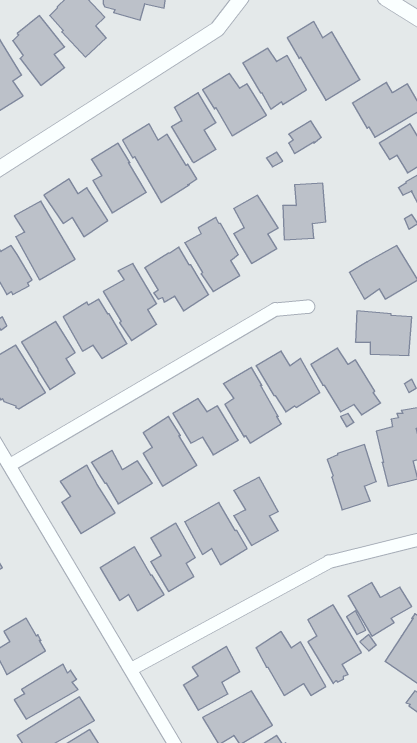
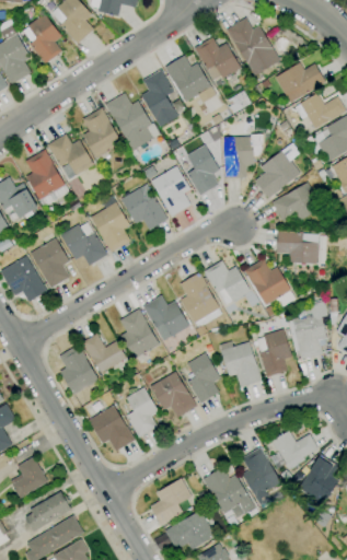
building: none -> [255,143,300,199]
building: none -> [221,341,262,387]

